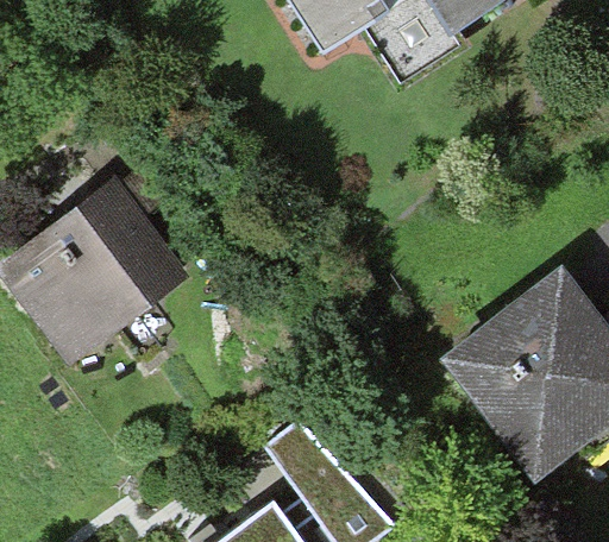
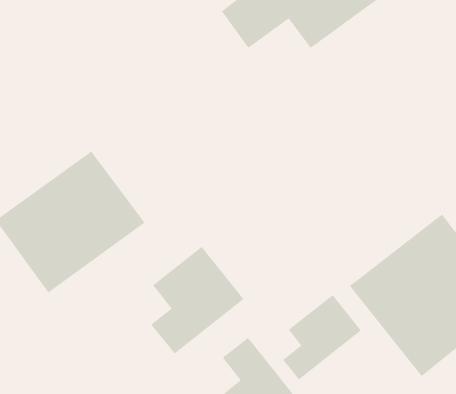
building: none -> [150,246,244,355]
building: none -> [282,294,362,380]

